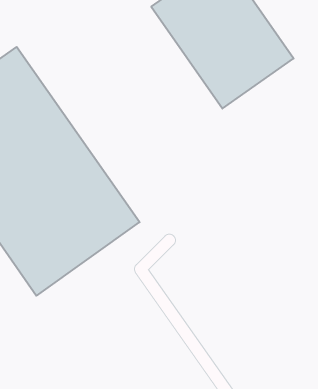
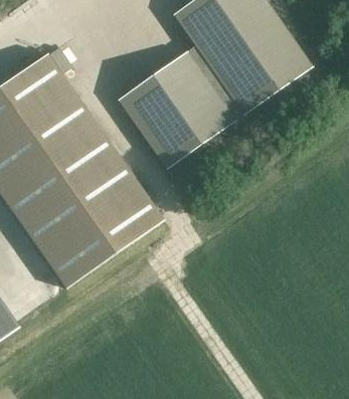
building: none -> [120,52,232,165]

